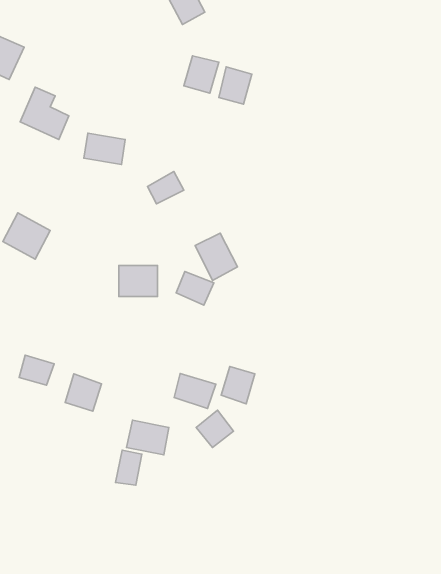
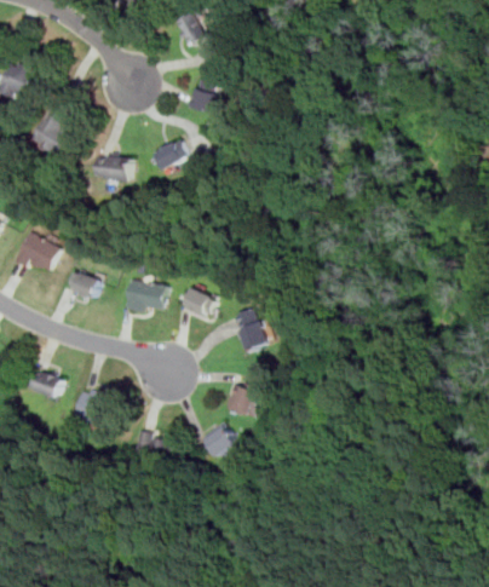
building: [219,67,252,104] -> none
building: [148,172,184,204] -> [154,138,189,169]
building: [195,233,238,281] -> [229,307,270,353]
building: none -> [67,270,100,300]
building: [174,374,216,409] -> none
building: [115,450,142,485] -> none

